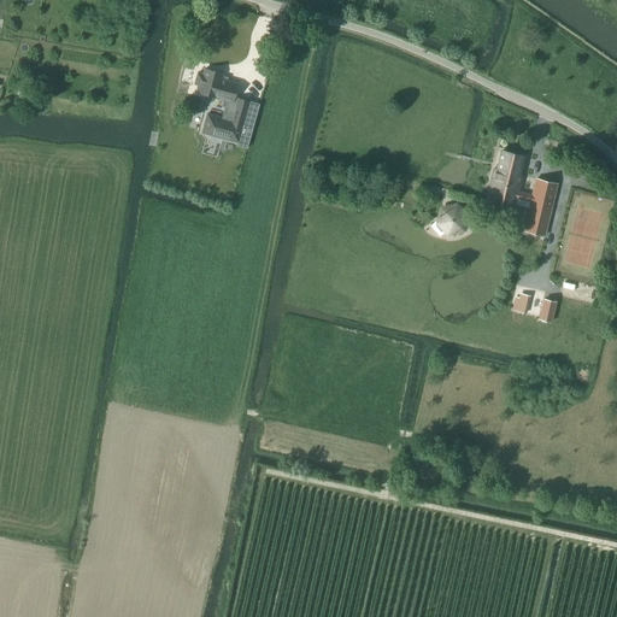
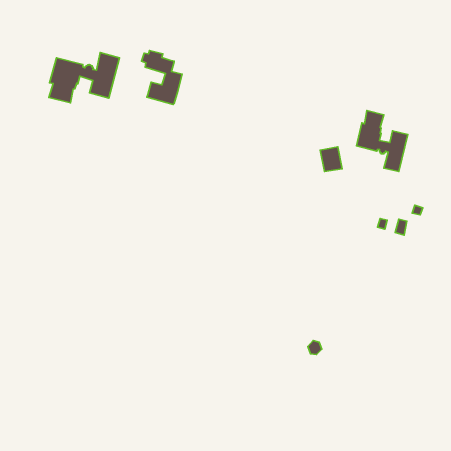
building: none -> [49,53,120,103]

